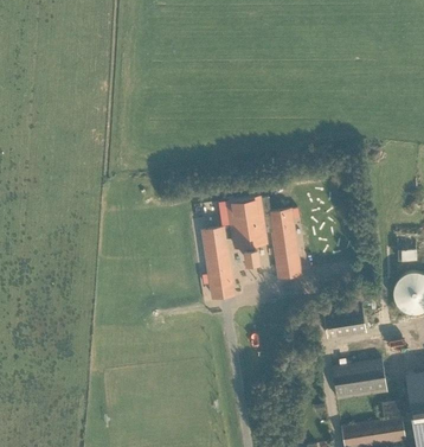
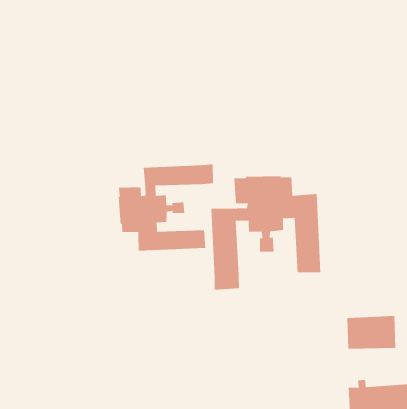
building: none -> [118,164,214,251]

